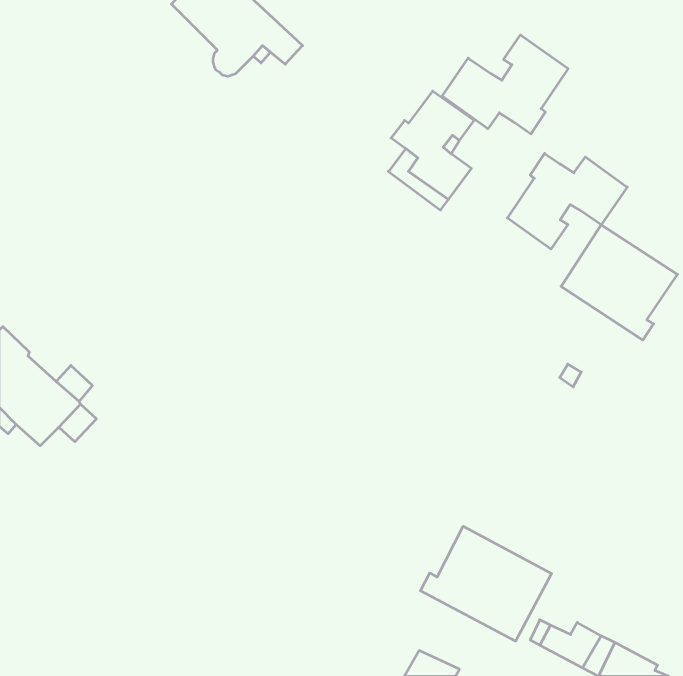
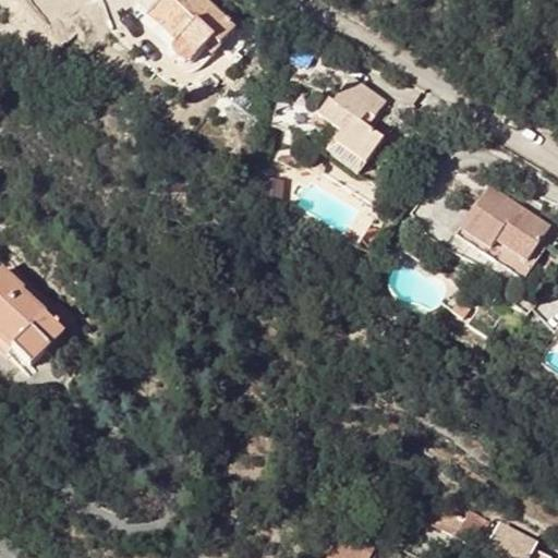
building: [442,35,568,134] -> none
building: [507,153,627,249] -> none
building: [420,526,552,641] -> none

